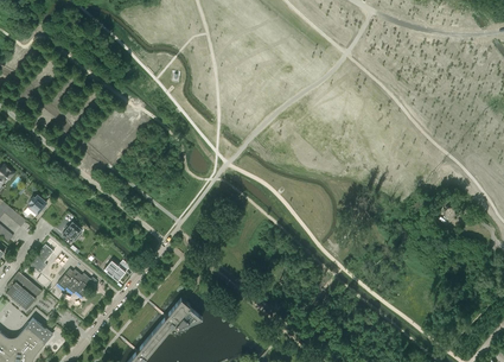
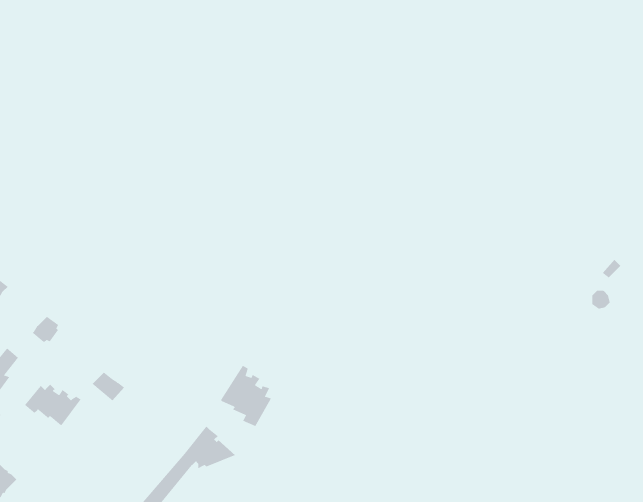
building: none -> [221,365,273,427]

